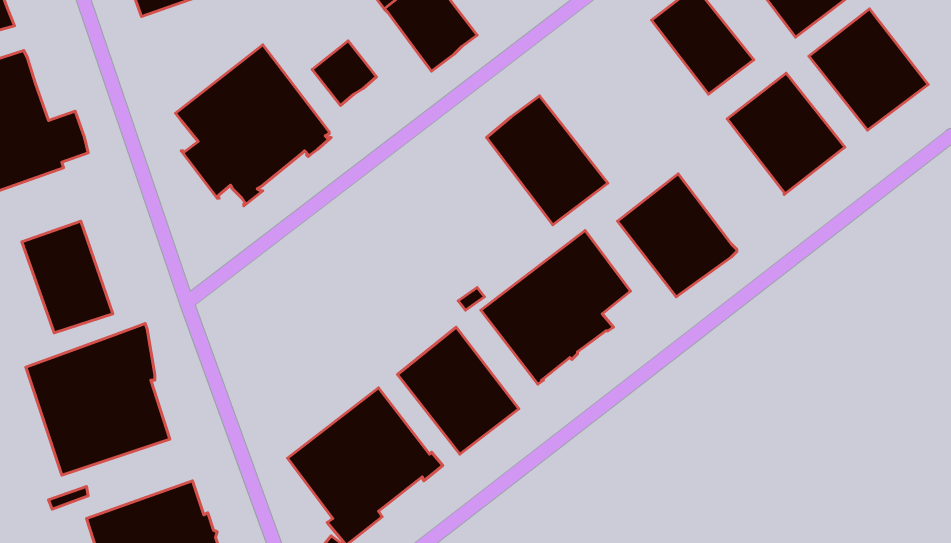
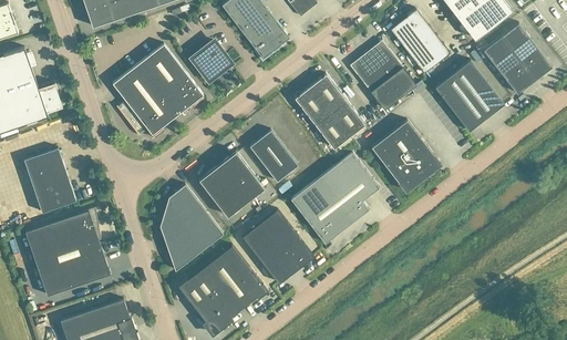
building: none -> [350,40,417,110]
building: none -> [250,131,298,182]
building: none -> [199,152,265,217]
building: none -> [159,185,224,271]

